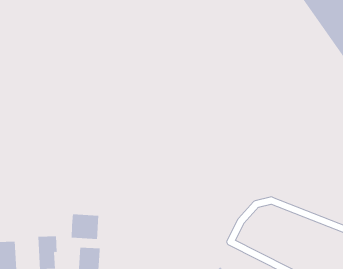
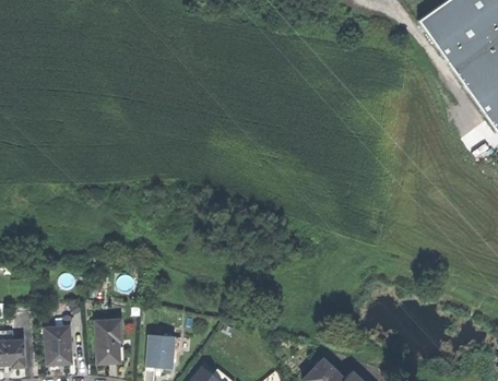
building: [71,213,99,240] -> none

